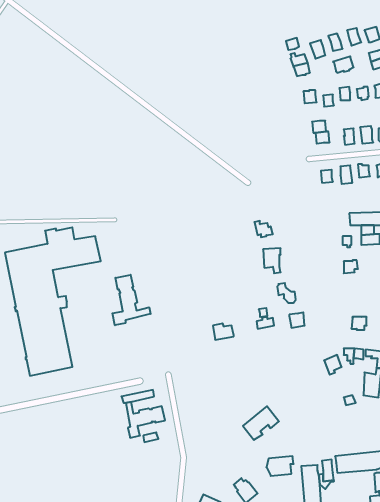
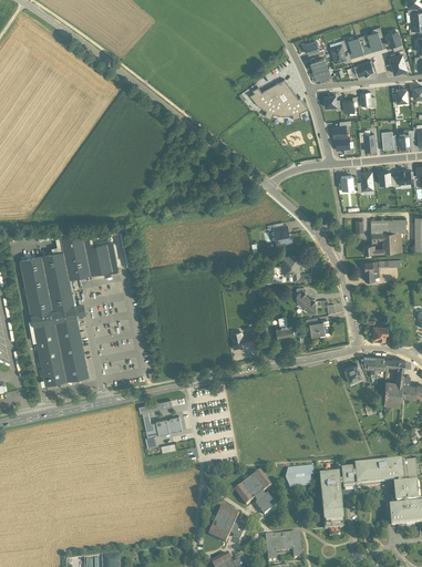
building: none -> [248,79,308,120]
building: [112,275,151,325] -> none
building: [243,406,279,440] -> [234,471,270,505]

